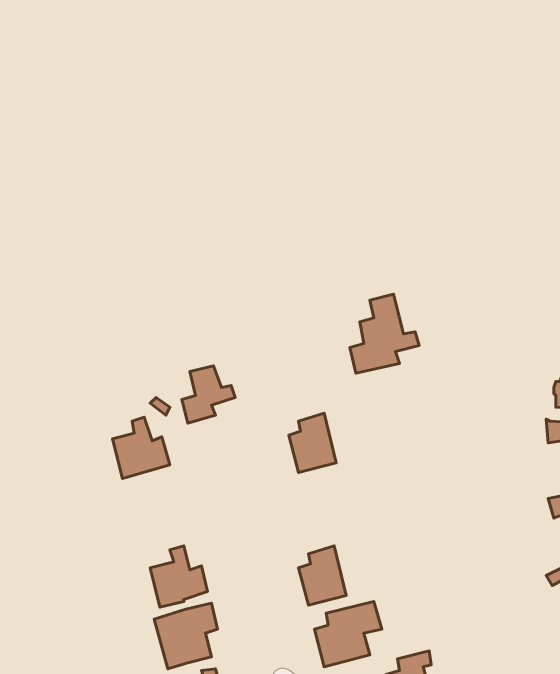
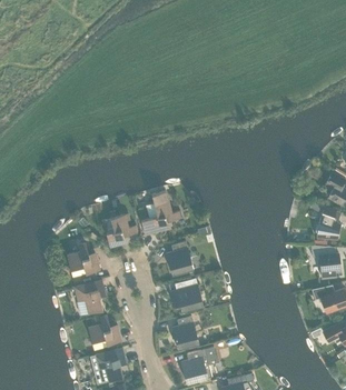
building: [350,294,419,373] -> [140,189,179,233]
building: none -> [169,277,202,310]
building: none -> [75,279,106,314]

